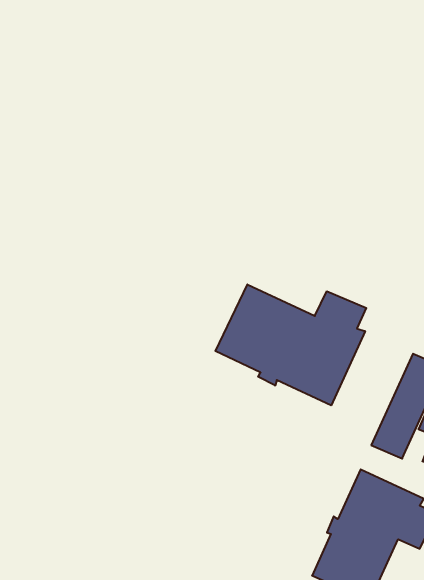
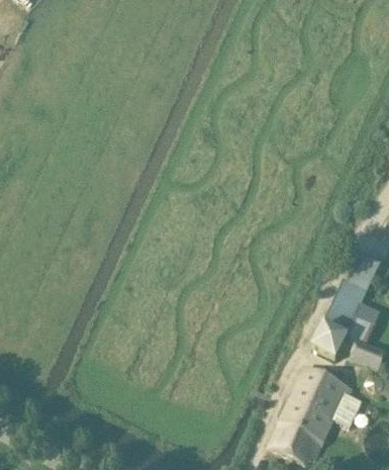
building: [215,284,366,405] -> none

